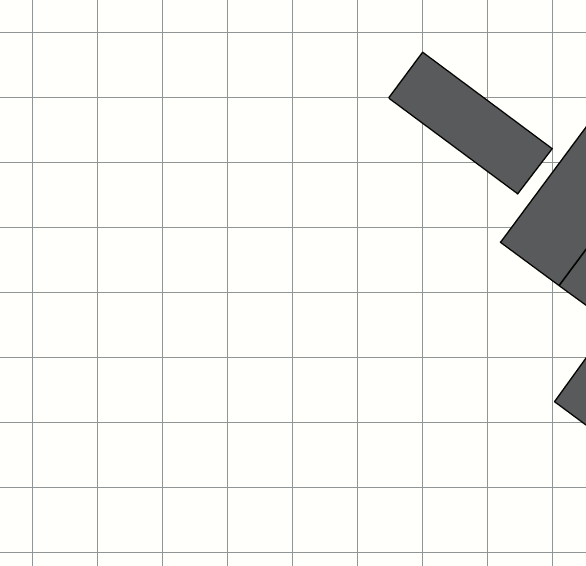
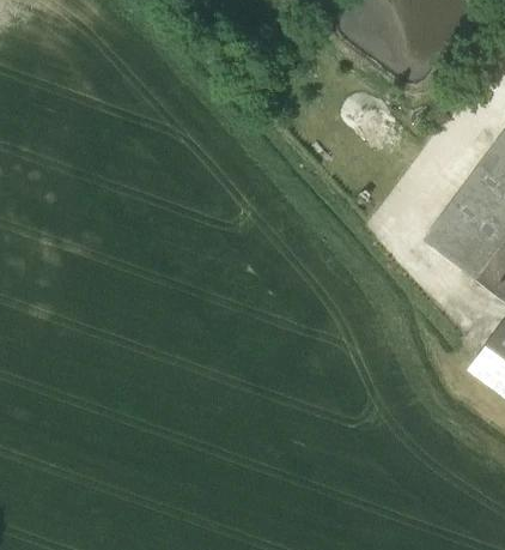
building: [389,52,552,194] -> none

